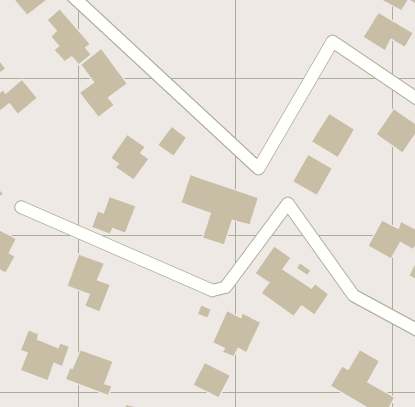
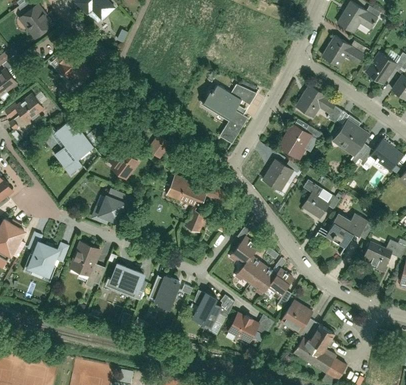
building: [79,48,127,118] -> [53,116,94,175]
building: none -> [202,82,256,144]
building: none -> [294,84,336,119]
building: none -> [302,180,331,219]
building: none -> [155,274,180,308]
building: none -> [280,299,314,335]
building: [20,330,69,381] -> [27,232,69,275]
building: [65,350,113,396] -> [104,262,145,301]
building: [193,363,230,398] -> [227,312,259,342]

